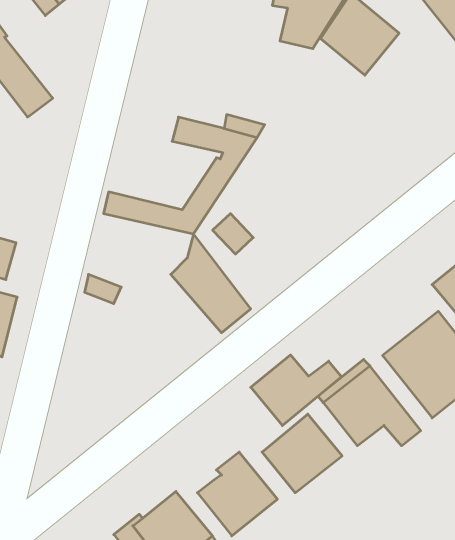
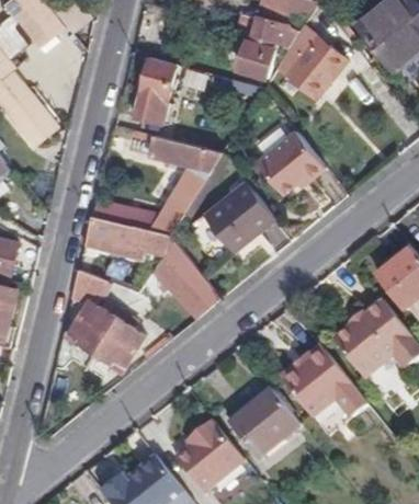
building: none -> [134,55,177,121]
building: none -> [260,130,327,194]
building: none -> [206,181,279,251]
building: none -> [83,216,169,255]
building: none -> [70,300,146,365]
building: [251,355,341,426] -> none

